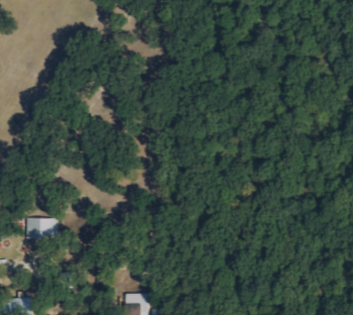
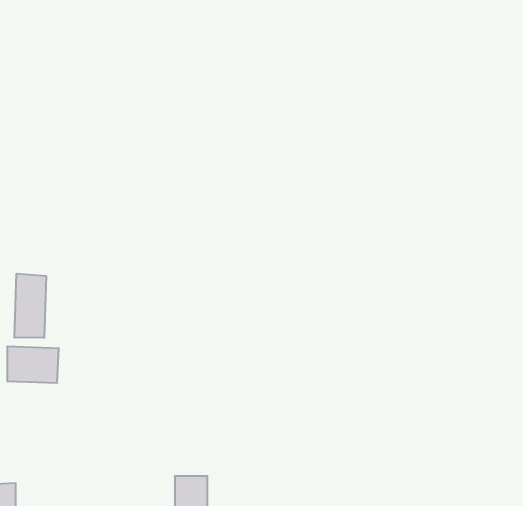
building: none -> [14,274,46,338]

